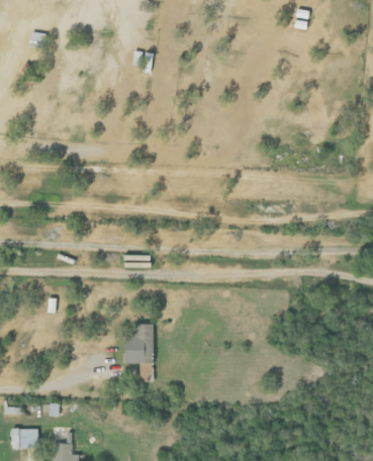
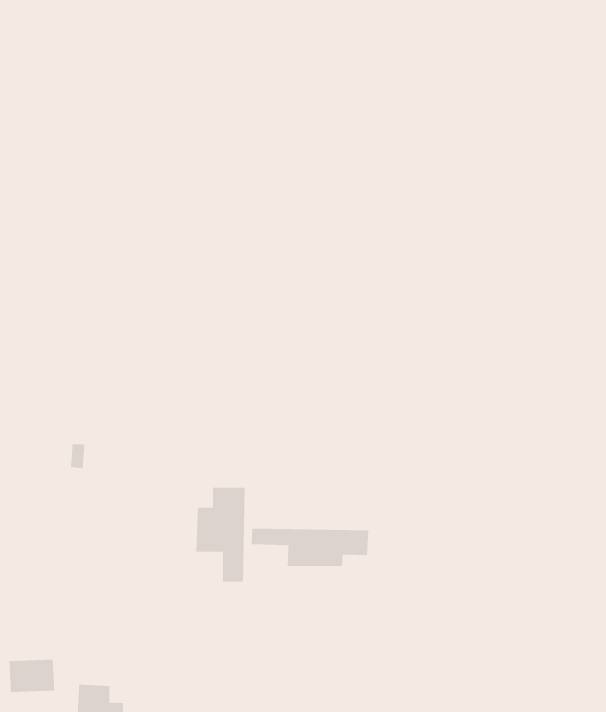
building: none -> [251,528,369,567]

